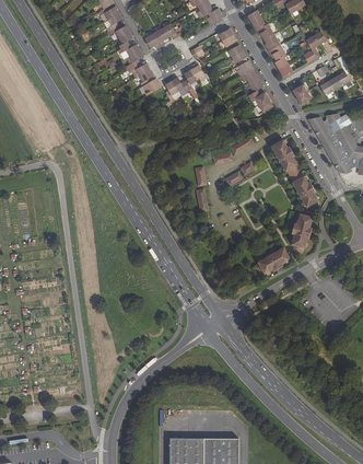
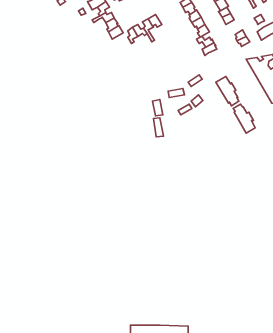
building: [291,212,312,252] -> none
building: [254,246,290,274] -> none

